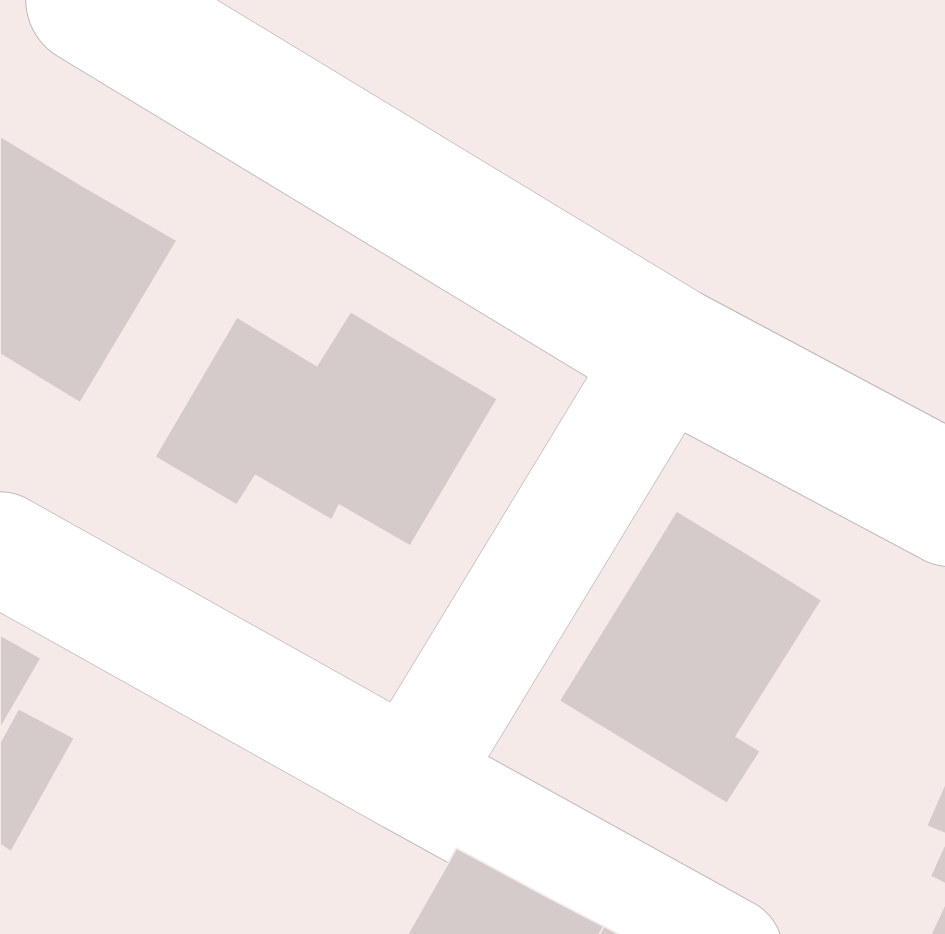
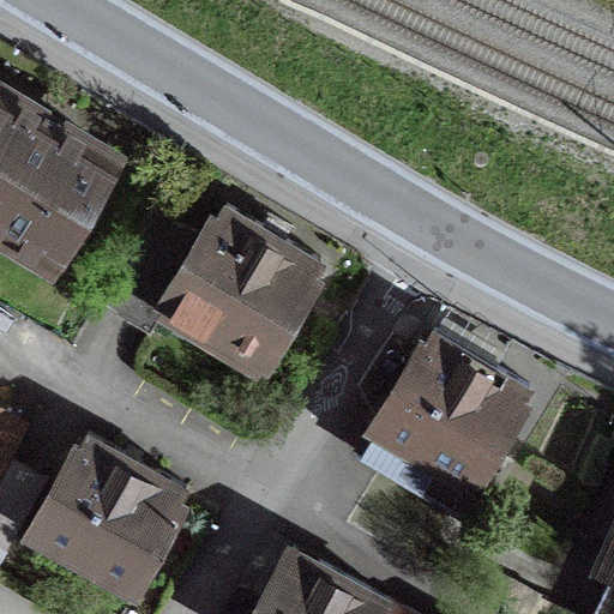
building: none -> [42,443,189,590]

